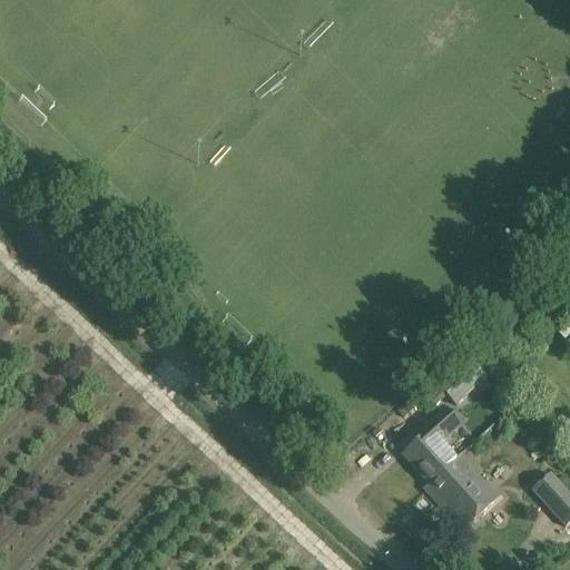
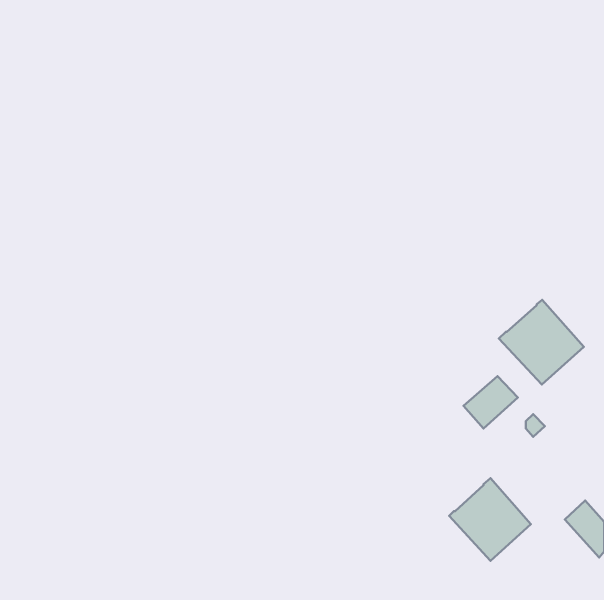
building: none -> [499,300,584,384]
building: [402,406,461,481] -> none

